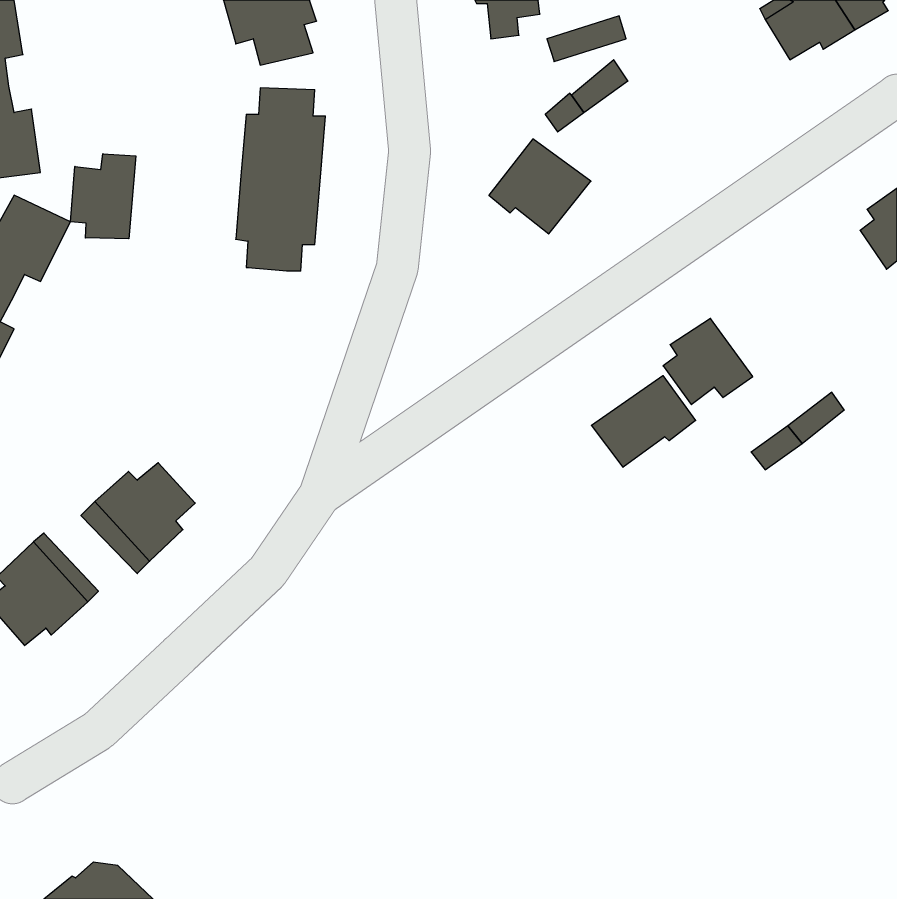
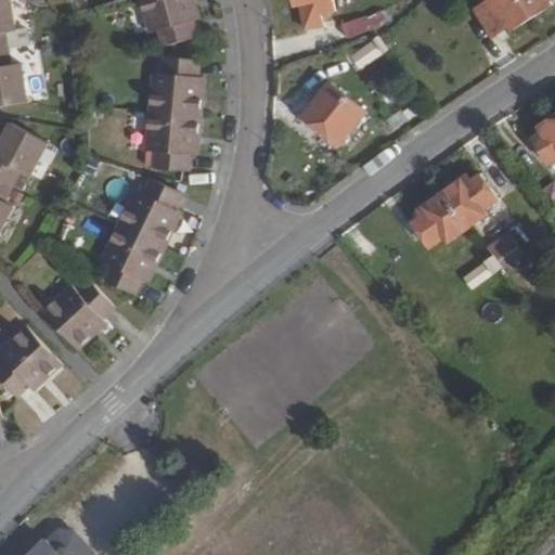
building: [70,154,136,239] -> none
building: none -> [101,178,180,295]
building: none -> [438,178,492,232]
building: [591,376,696,467] -> none

